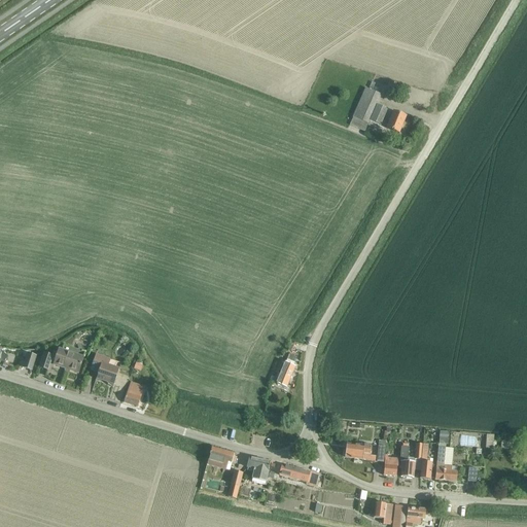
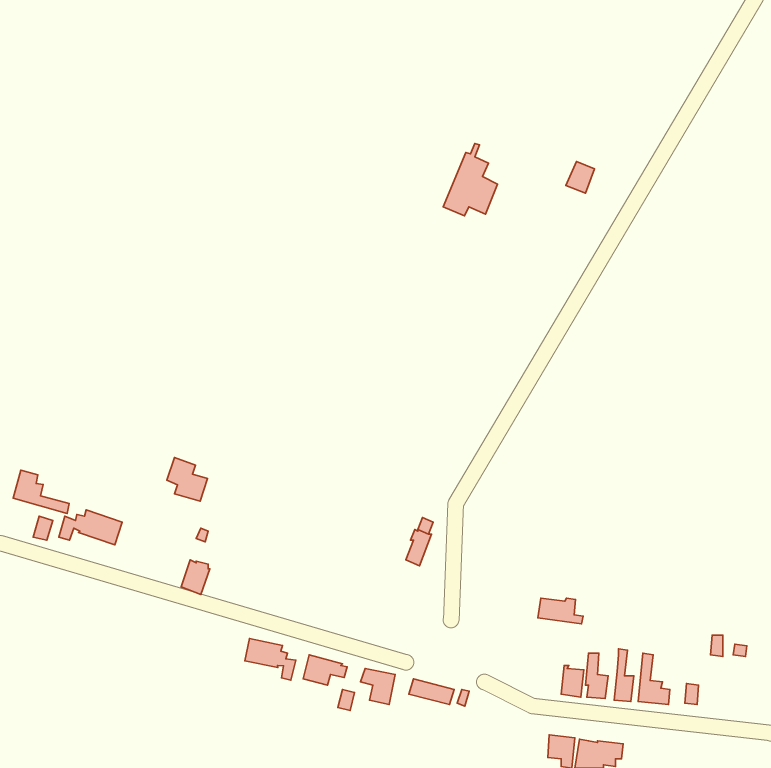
building: [350,80,387,130] -> [443,143,498,216]
building: none -> [13,470,69,514]
building: [91,353,118,383] -> [167,458,208,501]
building: none -> [245,639,296,680]
building: [345,443,376,460] -> [538,598,583,624]

